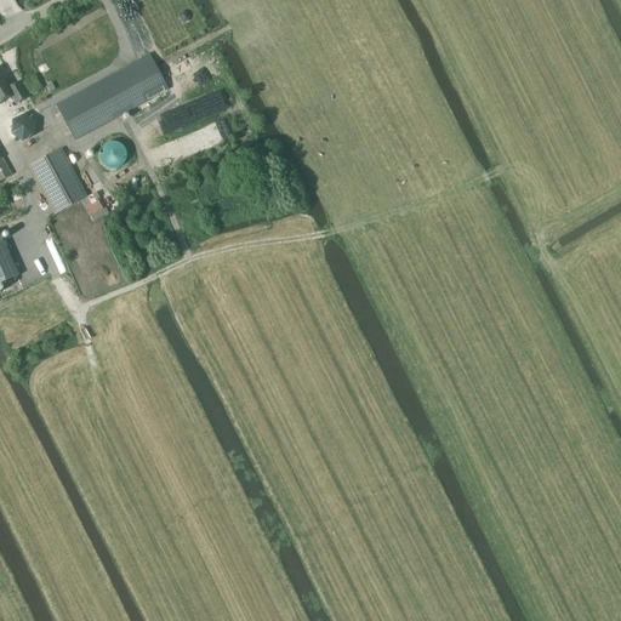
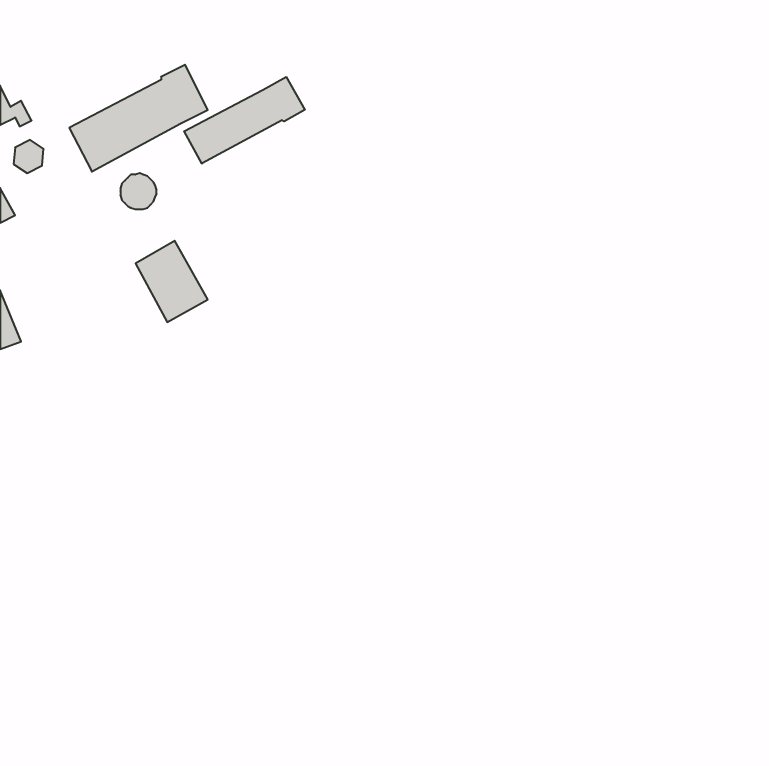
building: none -> [184,77,305,164]
building: [29,147,87,212] -> [136,241,208,322]

